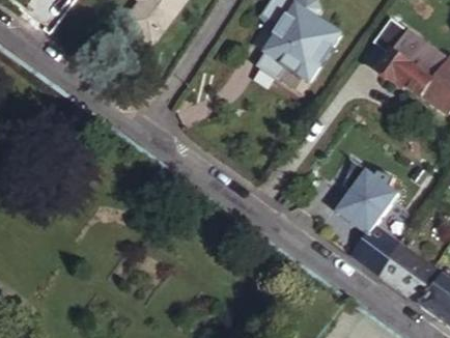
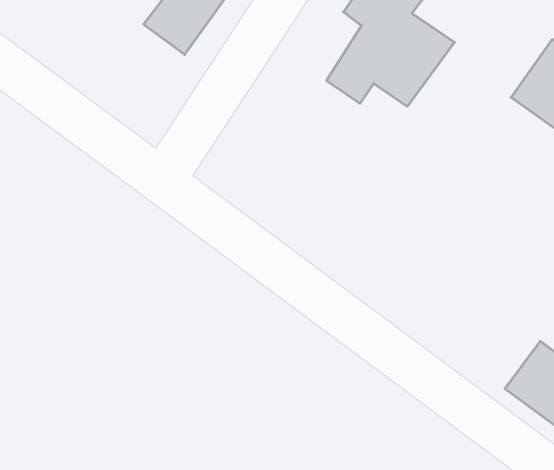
building: [336,157,400,272] -> none

